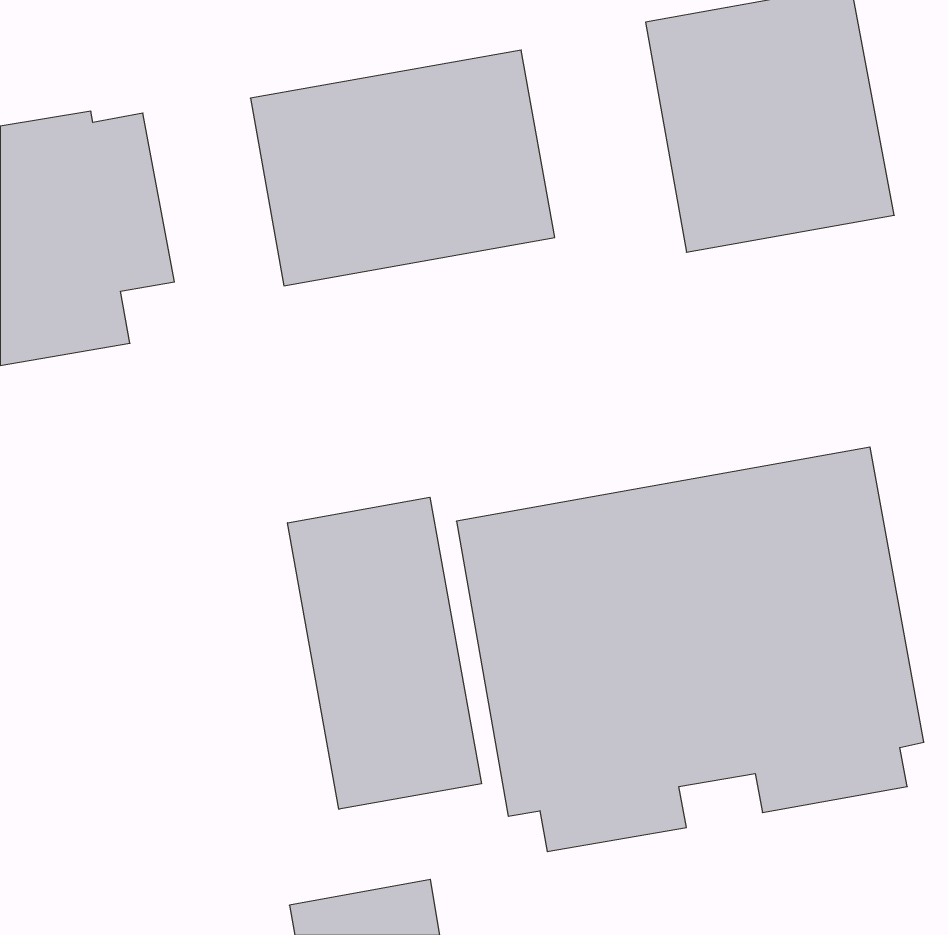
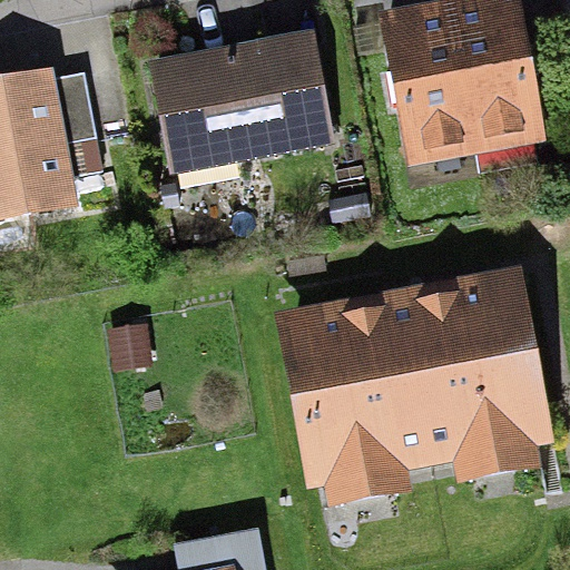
building: [288,497,481,809] -> none

